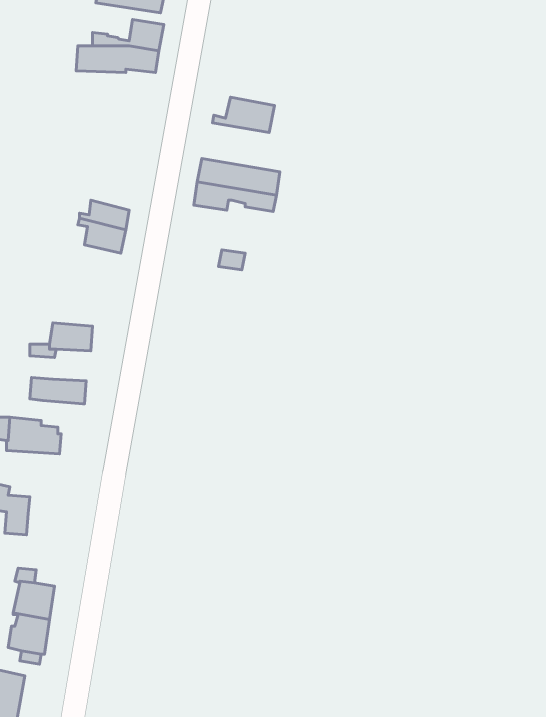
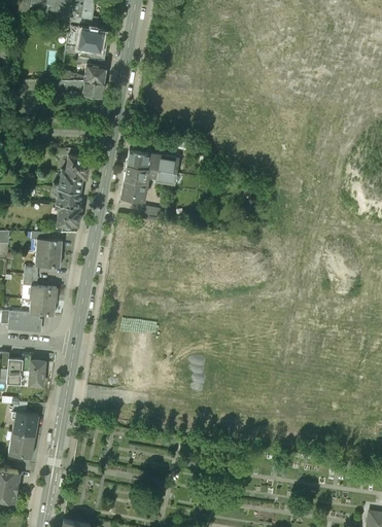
building: [212,97,275,132] -> none
building: none -> [60,155,92,182]
building: none -> [120,179,146,201]
building: none -> [55,204,82,232]
building: none -> [31,234,62,254]
building: none -> [29,301,55,318]
building: none -> [21,355,44,386]

